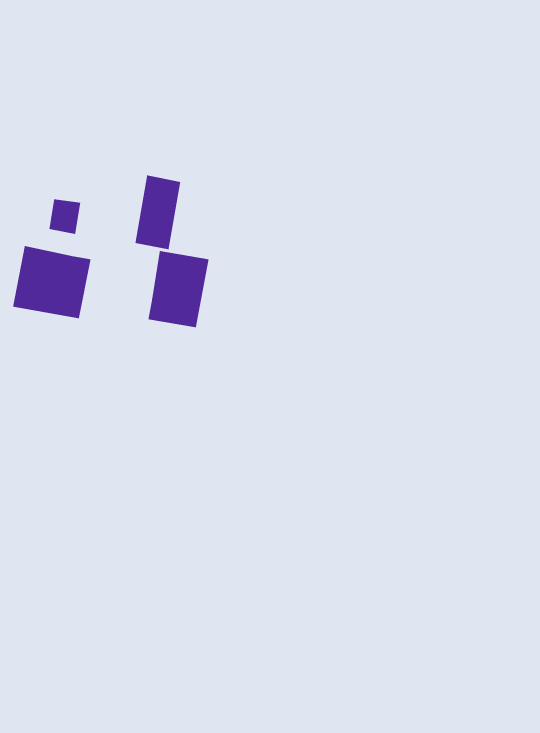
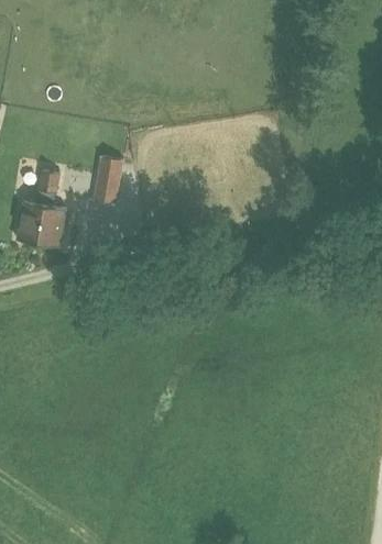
building: [148,250,209,328] -> none

